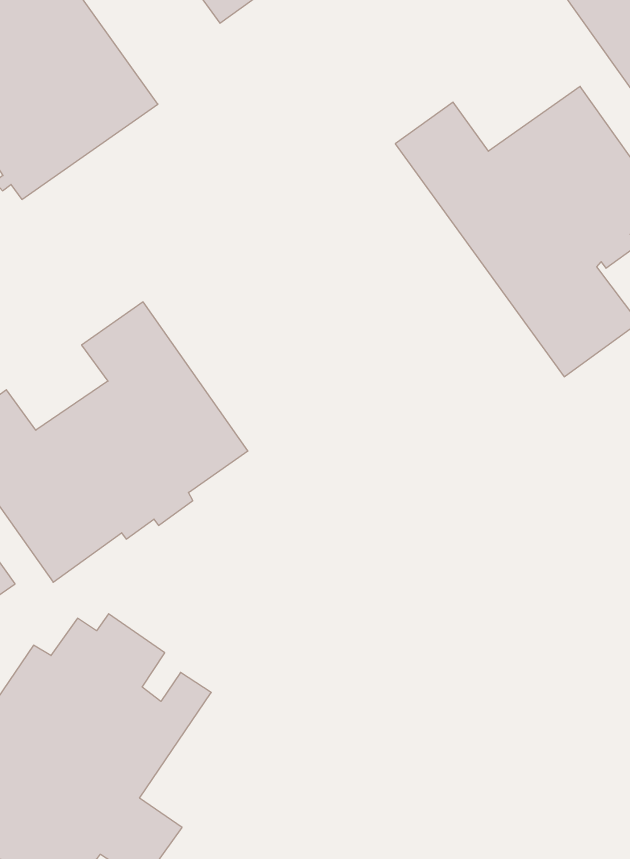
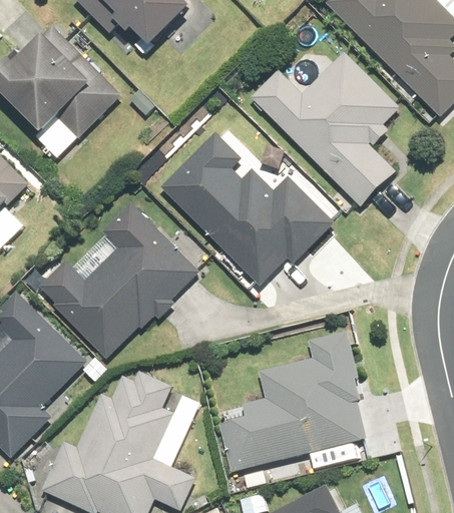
building: none -> [160,131,334,286]
building: none -> [218,331,367,471]

